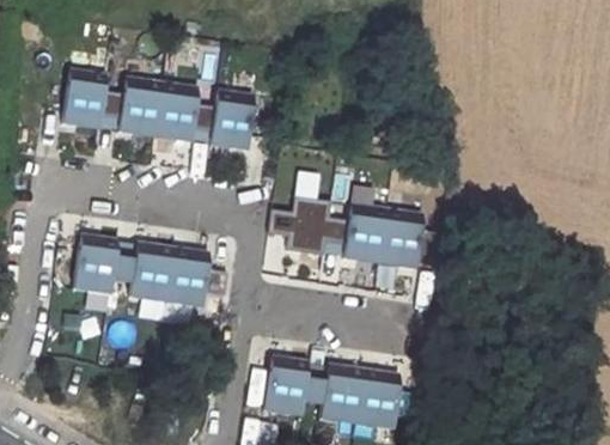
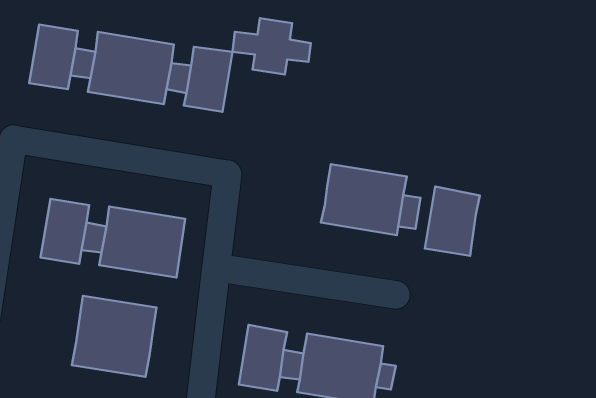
building: [272,197,347,251] -> [232,18,311,74]
building: none -> [425,187,480,256]
building: none -> [72,296,156,377]

